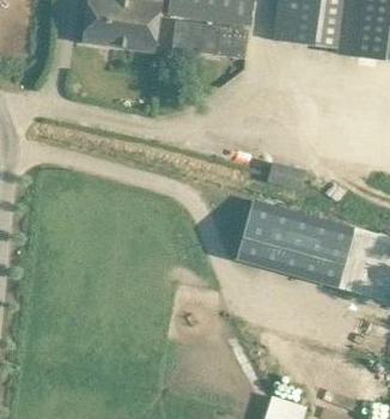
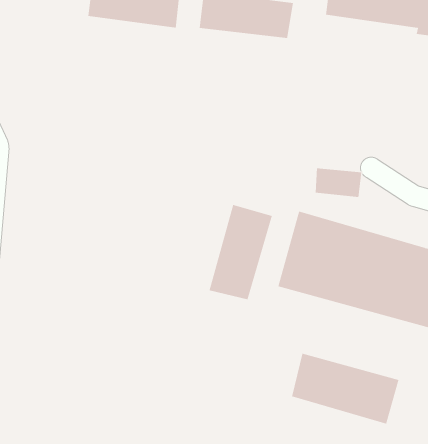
building: none -> [209,204,272,300]
building: none -> [292,353,399,425]

